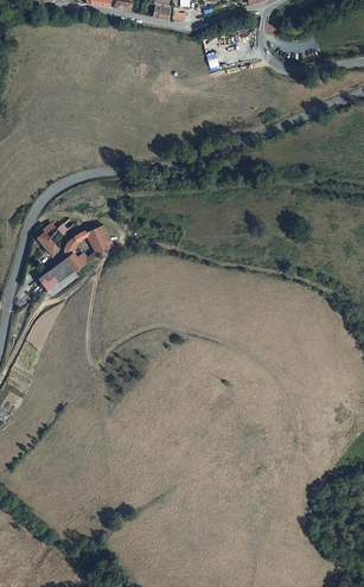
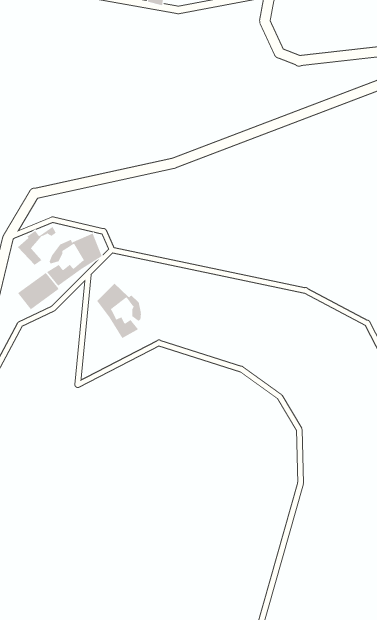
building: none -> [96,283,141,339]

